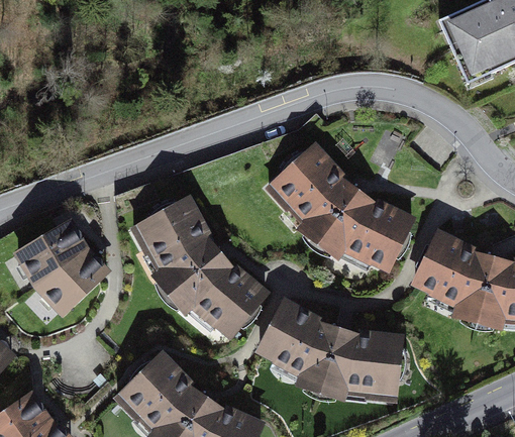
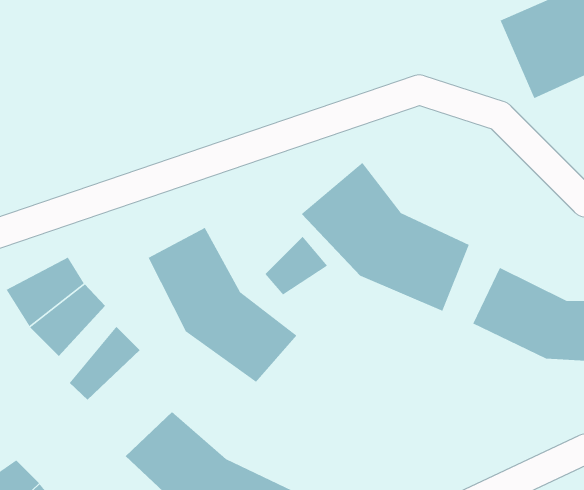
building: none -> [265,236,328,295]
building: none -> [69,326,141,400]
building: [256,304,402,399] -> none

